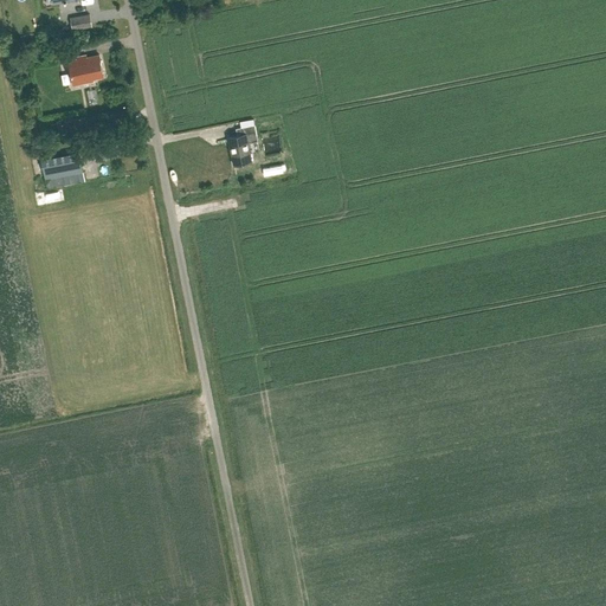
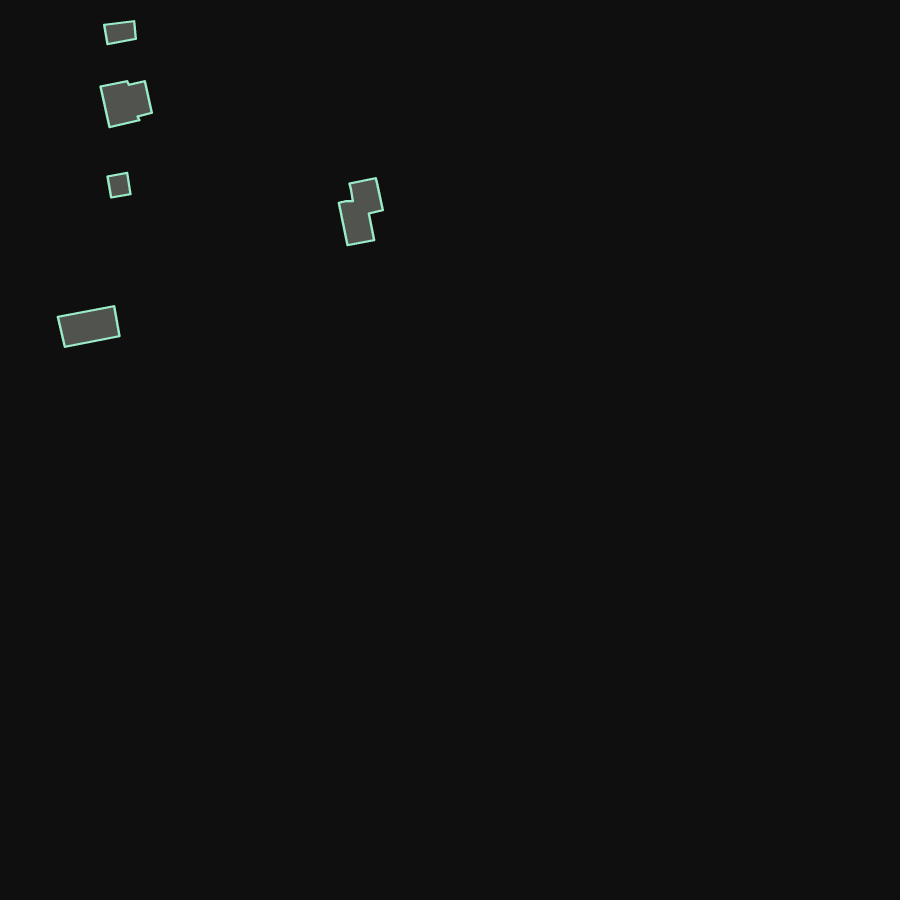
building: [40,154,82,181] -> [58,306,120,347]

